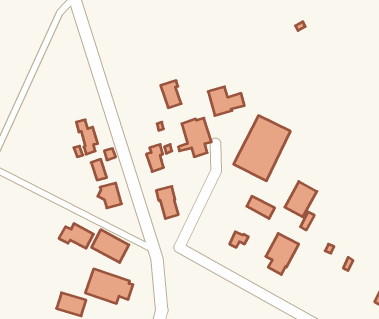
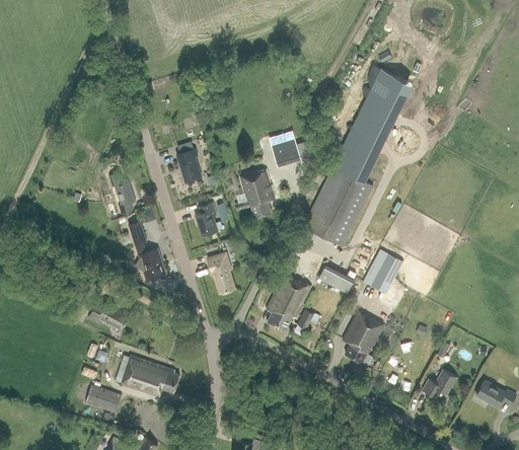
building: none -> [333,69,411,179]
building: [161,81,181,108] -> [175,149,201,182]
building: none -> [265,274,311,331]
building: [92,230,129,263] -> none
building: none -> [422,370,455,398]

